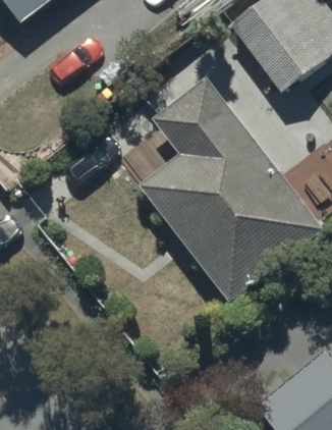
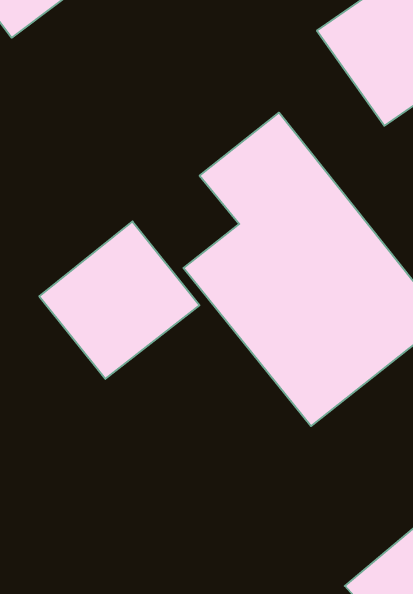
building: none -> [39,221,199,379]

